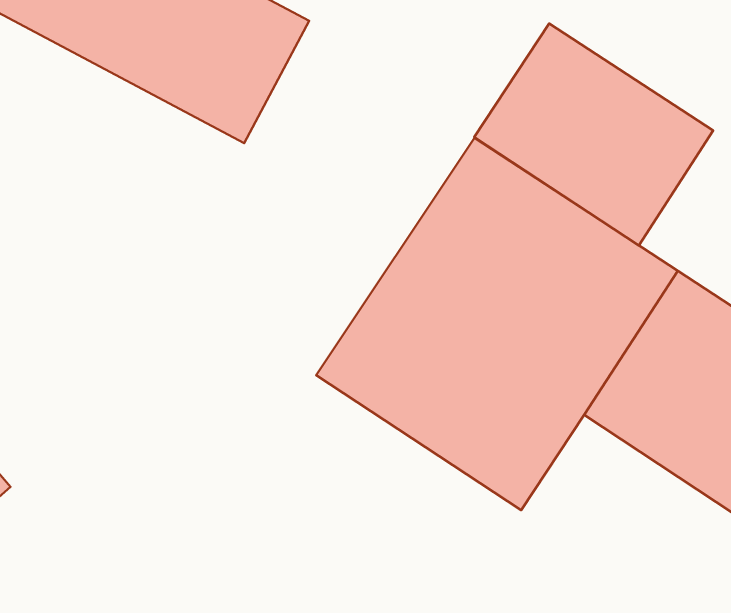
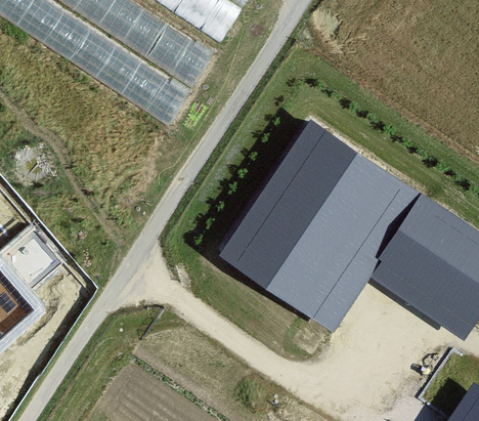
building: [474,23,713,246] -> none

